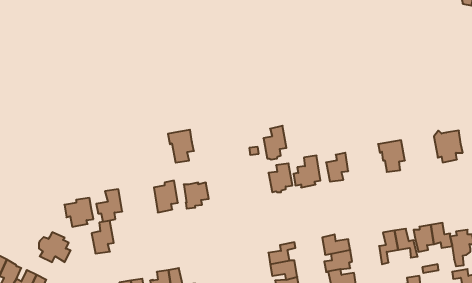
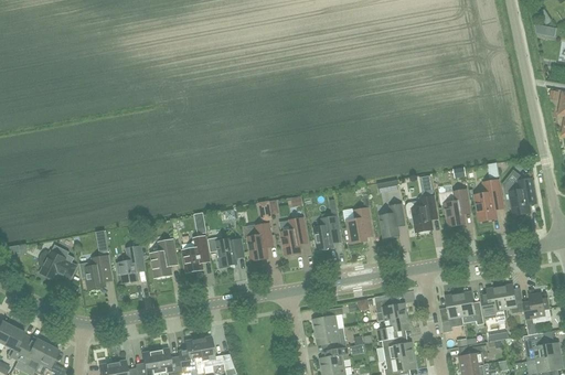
building: [263,126,286,159] -> [281,217,308,256]
building: [168,130,194,163] -> [244,223,274,260]
building: none -> [476,180,503,221]
building: none -> [407,196,437,233]
building: [92,221,114,253] -> [151,239,177,277]
building: [39,232,71,262] -> [40,245,76,279]

